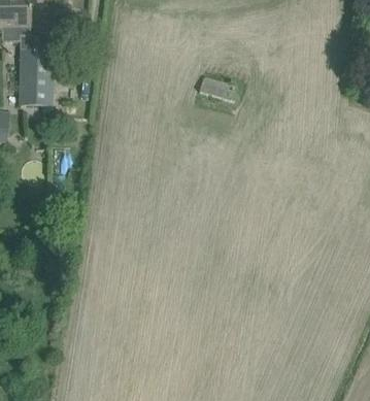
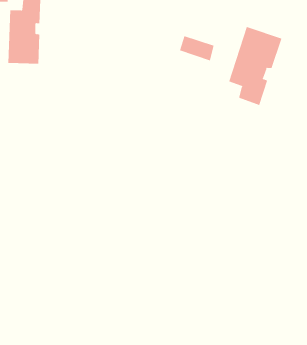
building: none -> [228,26,282,106]

